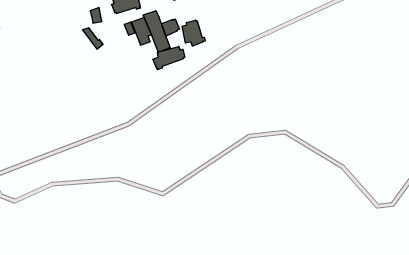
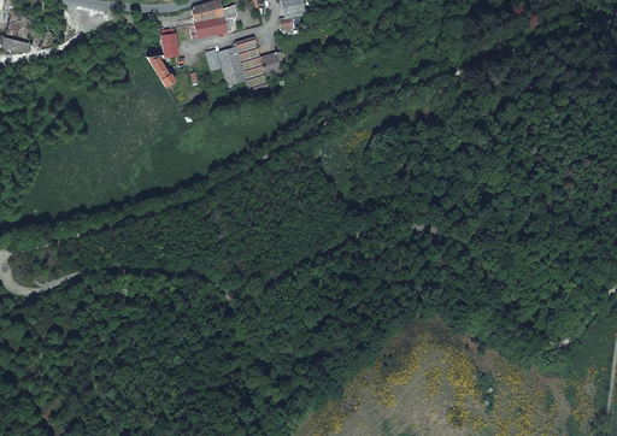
building: [182,20,205,46] -> none
building: [153,46,185,70] -> none

